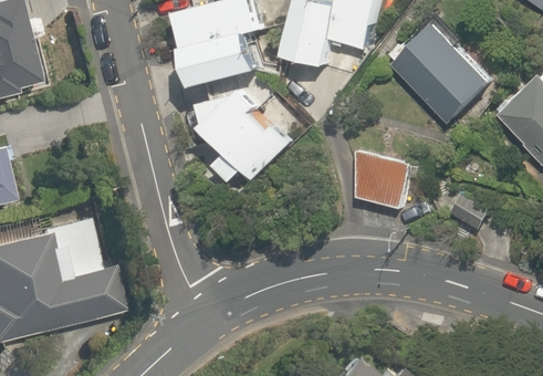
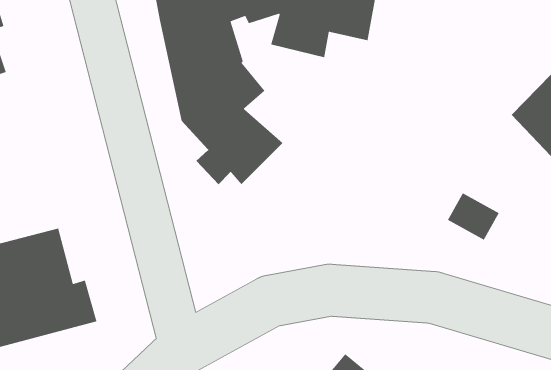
building: [390,23,498,129] -> none
building: [356,149,411,212] -> none

